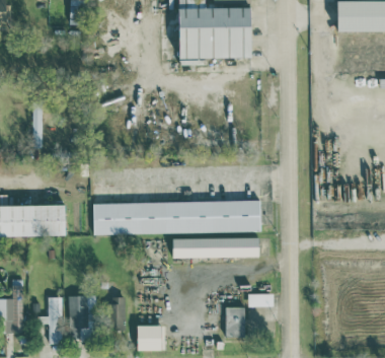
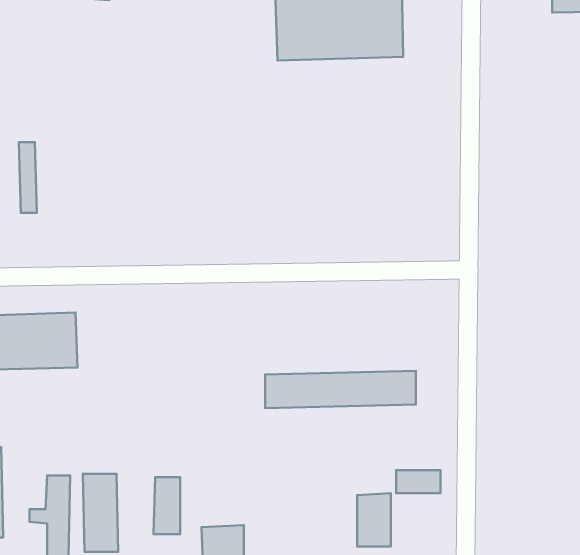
building: [93,201,261,235] -> none

